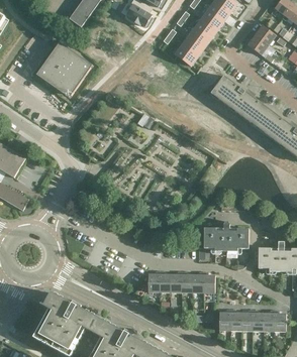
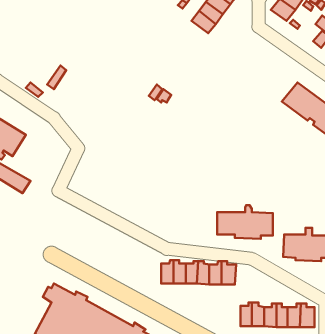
building: [37,43,90,95] -> none
building: [210,75,271,127] -> none

